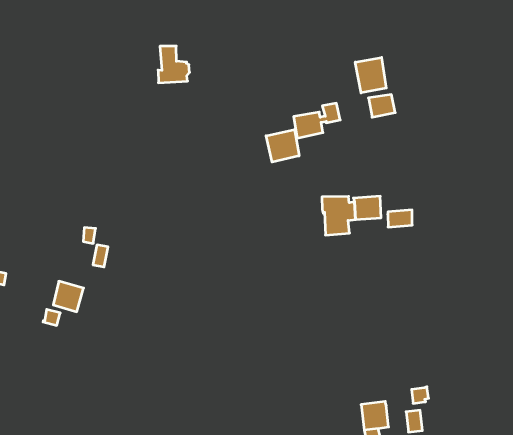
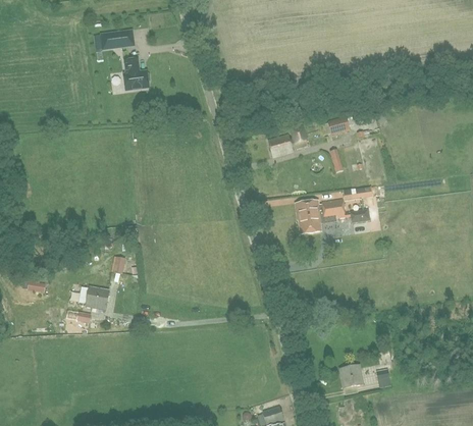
building: [158,46,190,83] -> [123,58,149,89]
building: [355,57,386,93] -> none
building: [266,129,299,162] -> none

